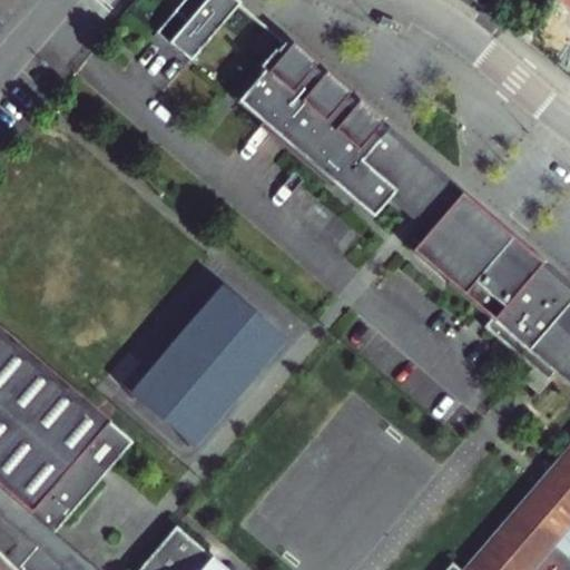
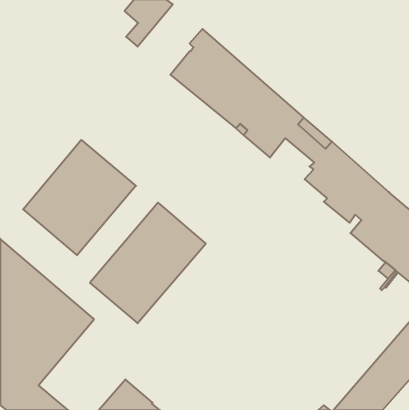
building: none -> [23,140,136,255]

